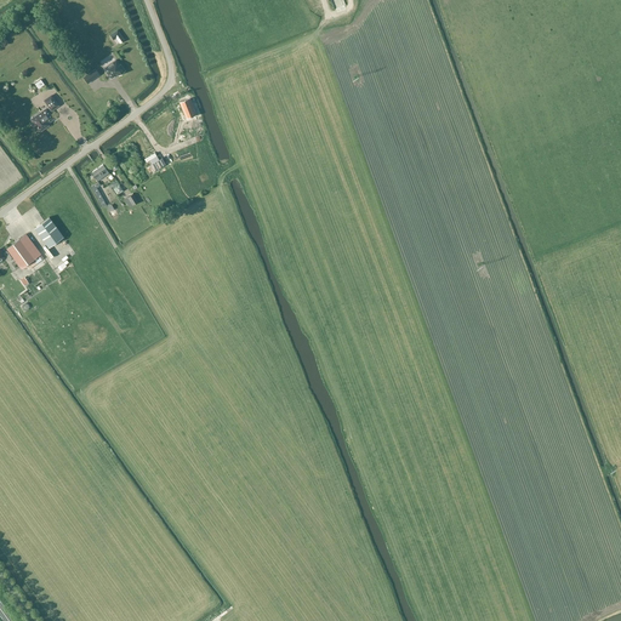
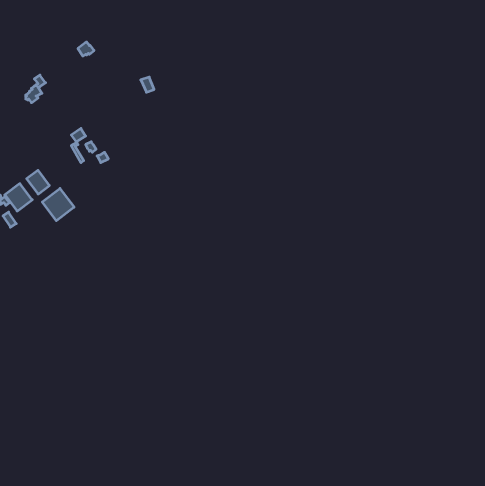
building: none -> [42,188,74,221]

